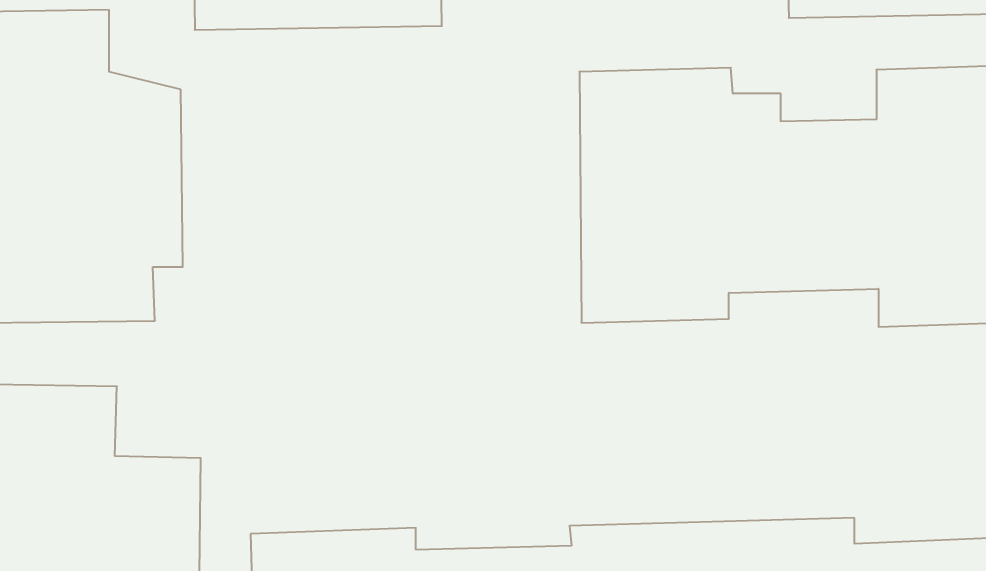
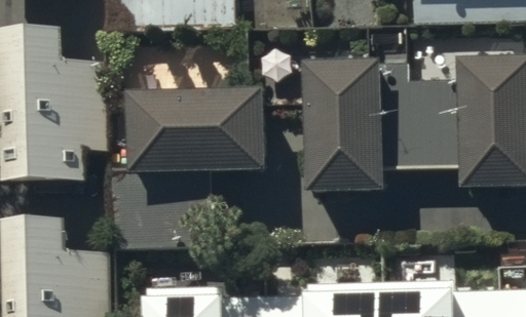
building: none -> [124,84,260,170]

